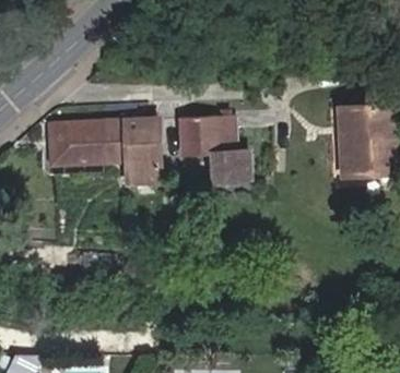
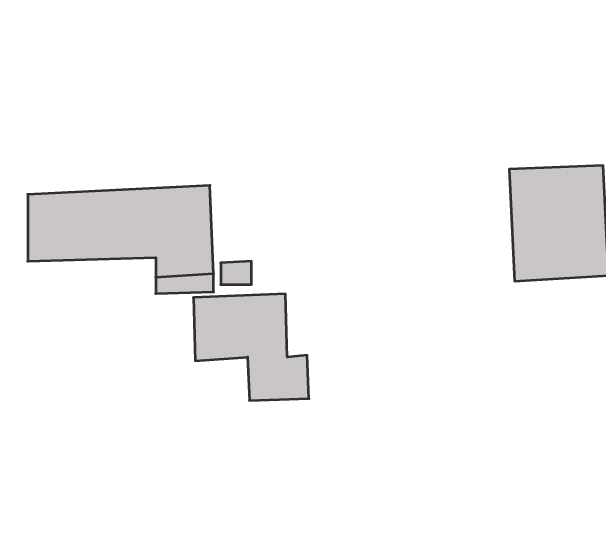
building: [179,116,249,180] -> [193,294,309,400]

